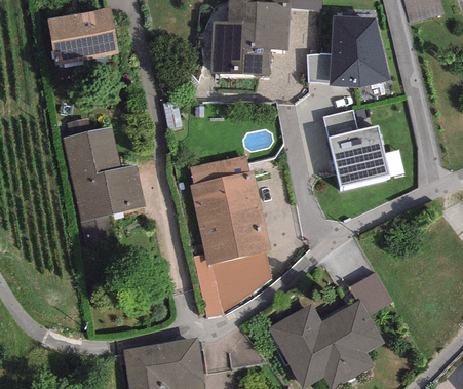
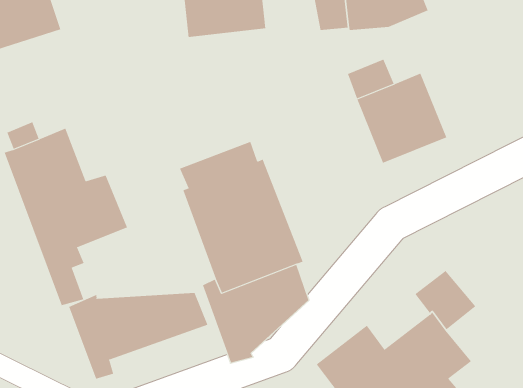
building: none -> [68,292,208,380]

